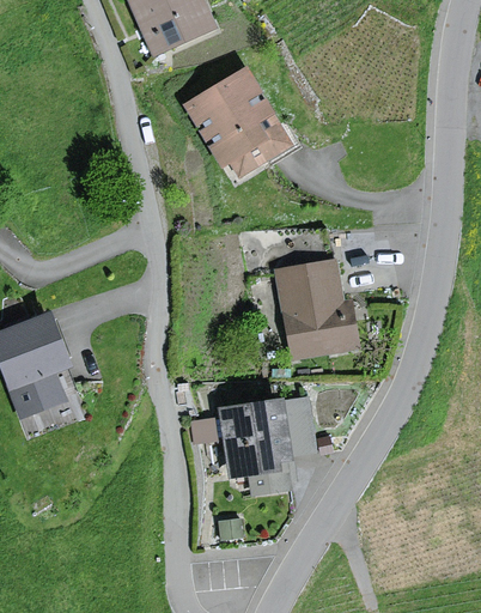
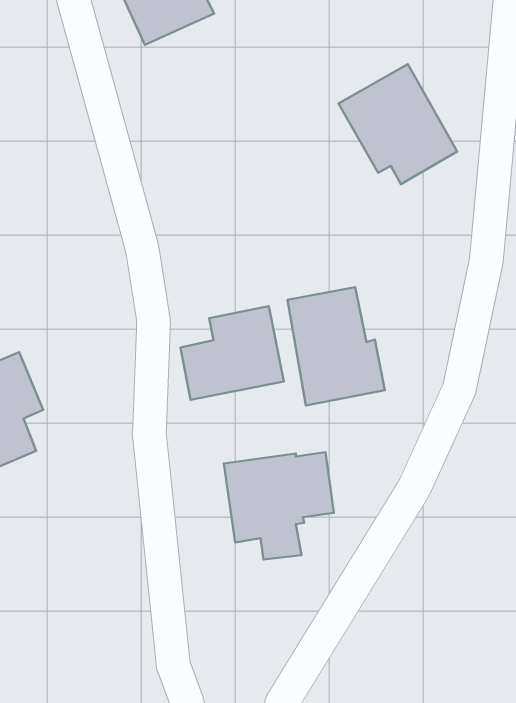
building: [188,71,288,172] -> [339,64,457,184]
building: none -> [180,306,284,400]

